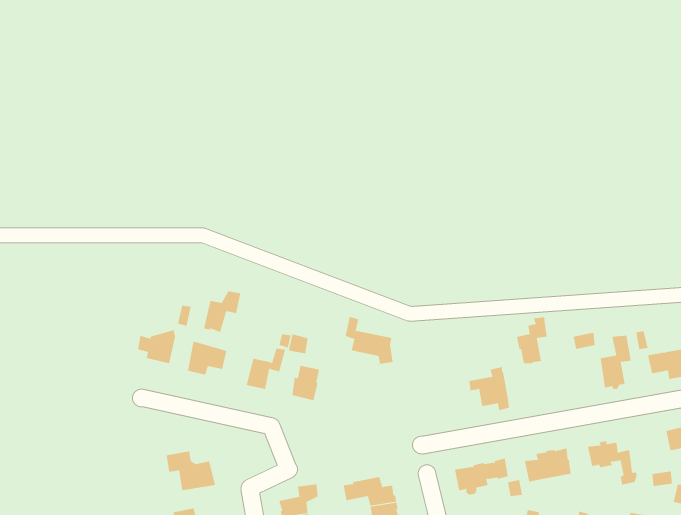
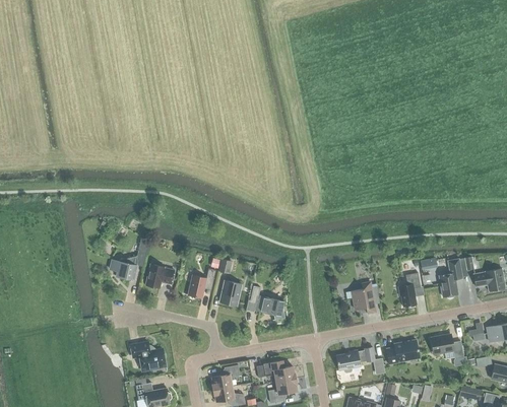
building: [204,290,241,333] -> none
building: [345,316,394,365] -> [250,285,284,320]
building: [516,317,548,364] -> [397,272,420,306]

